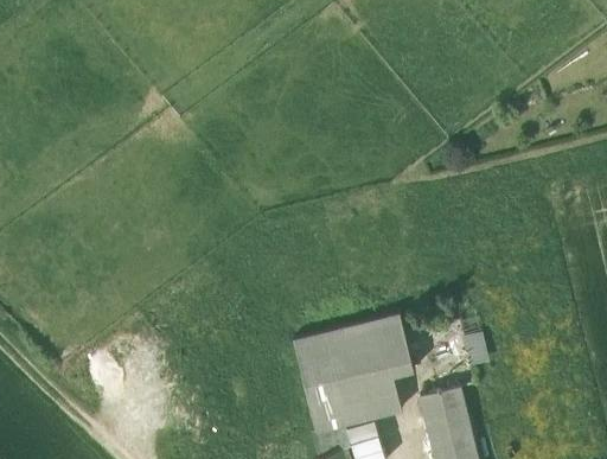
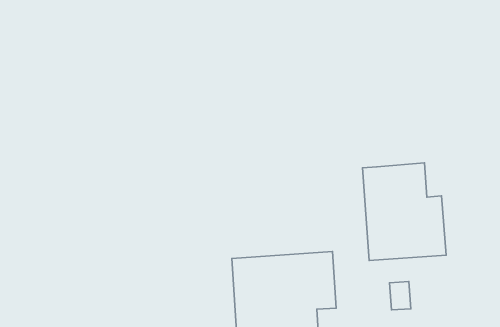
building: none -> [362,163,446,260]

